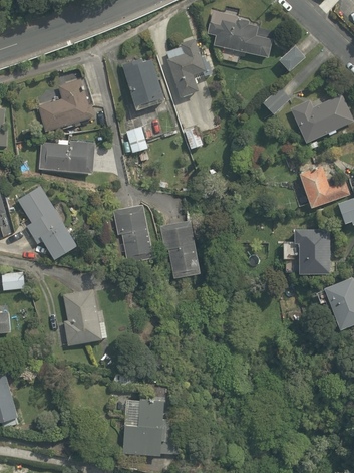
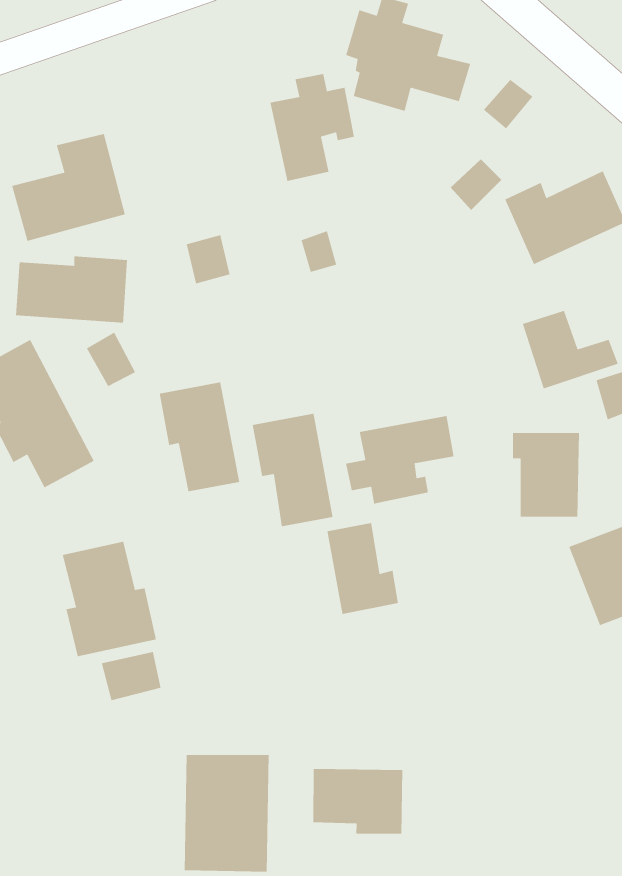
building: [121,56,166,110] -> none
building: none -> [86,332,136,387]
building: none -> [345,415,454,505]
building: none -> [326,522,399,615]
building: none -> [101,651,162,701]
building: none -> [312,768,403,835]

